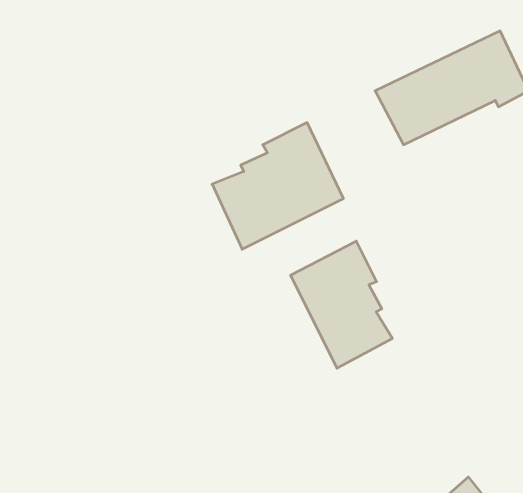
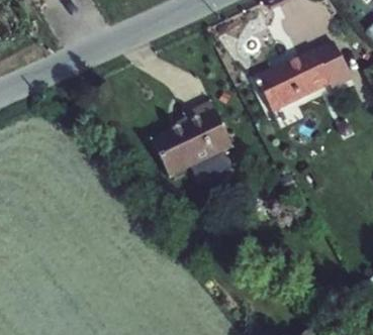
building: [291,241,392,368] -> none

